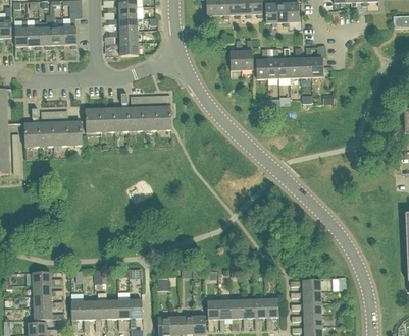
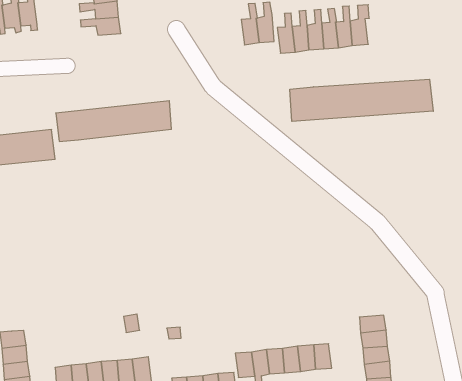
building: none -> [290,79,433,121]

